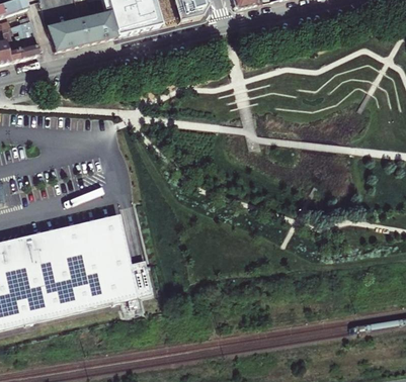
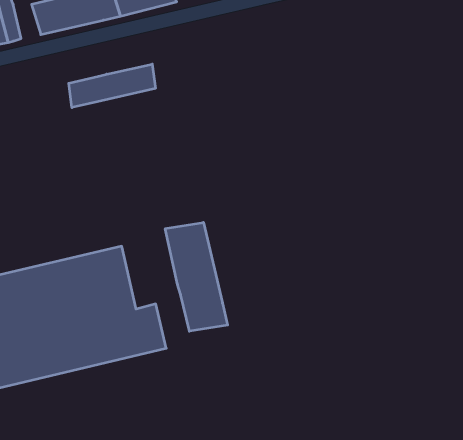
building: none -> [69,64,155,108]
building: none -> [165,222,228,331]

